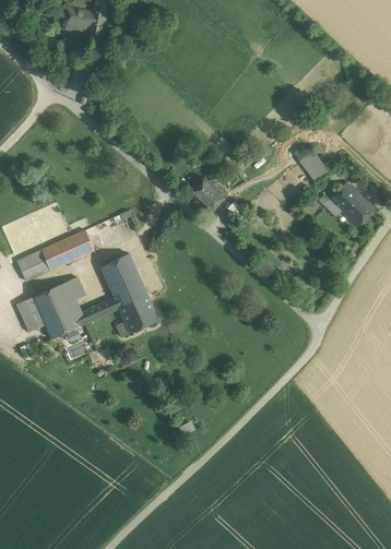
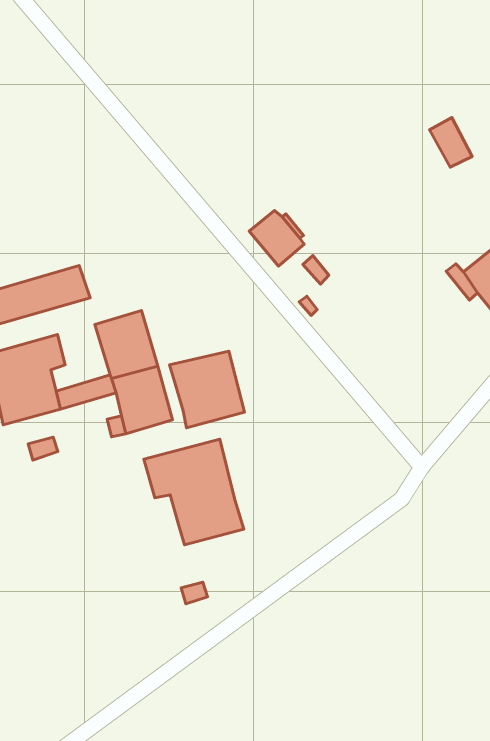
building: [299,150,329,181] -> [430,117,472,167]
building: none -> [170,351,245,428]
building: none -> [144,439,244,545]

